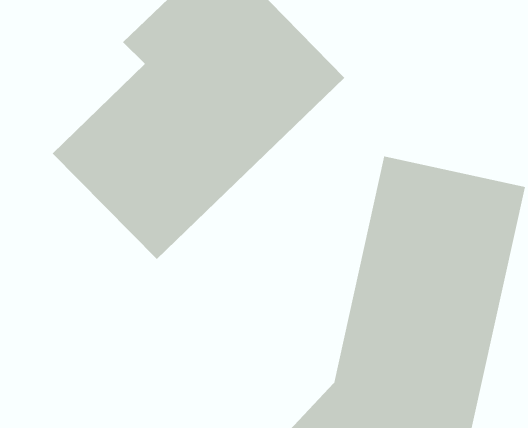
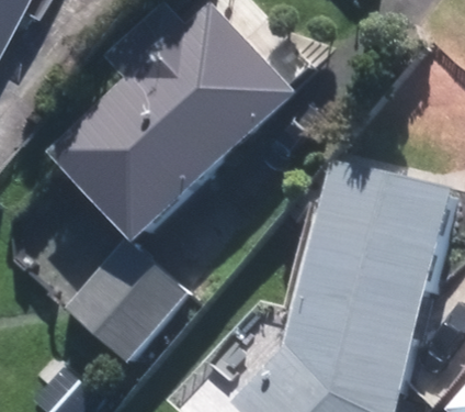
building: none -> [60,238,184,361]

